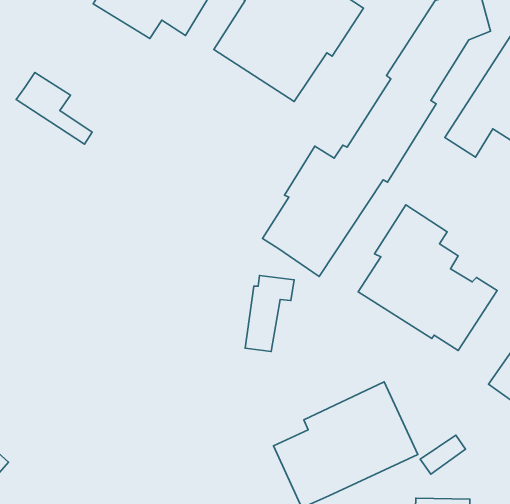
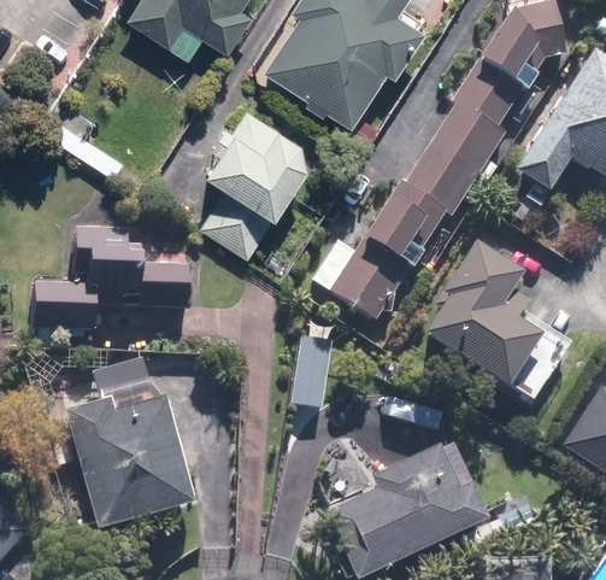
building: none -> [200,111,306,259]
building: none -> [36,227,193,333]
building: none -> [55,356,193,533]

